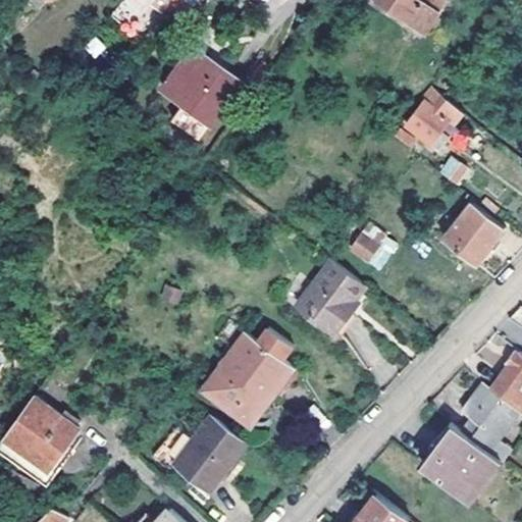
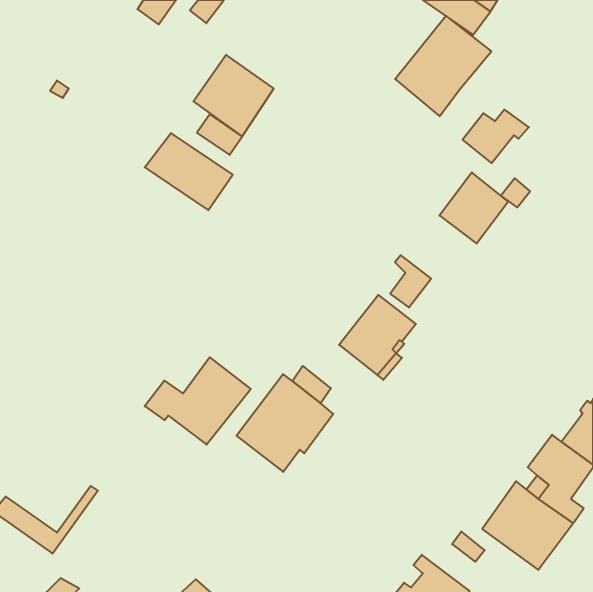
building: none -> [395,16,491,116]
building: none -> [145,133,233,210]
building: [443,204,504,266] -> [439,172,508,243]
building: [5,396,83,469] -> none
building: [154,414,247,490] -> [145,357,251,445]

